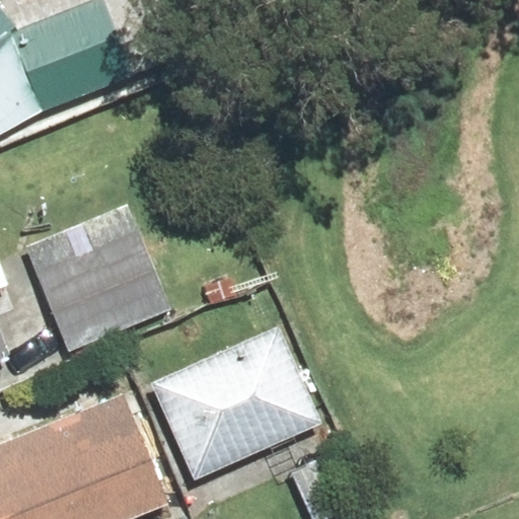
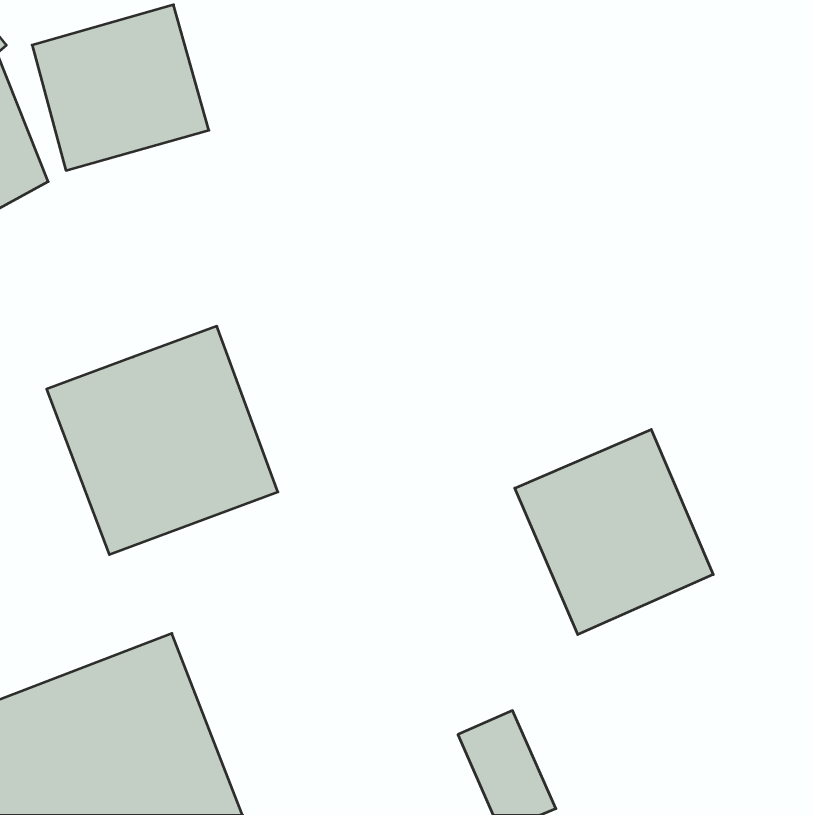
building: none -> [515,429,713,635]
building: [141,329,315,485] -> none

